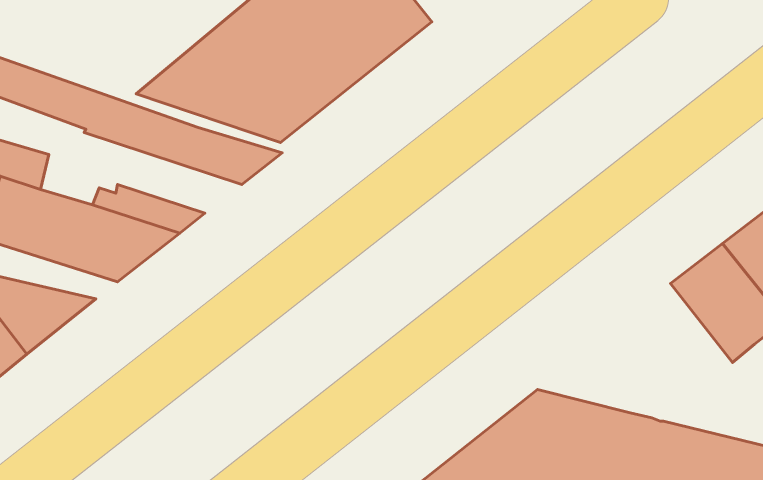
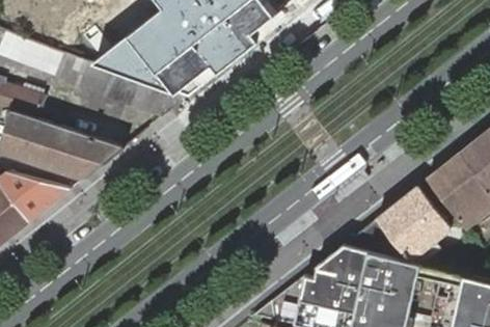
building: none -> [345,188,451,262]

